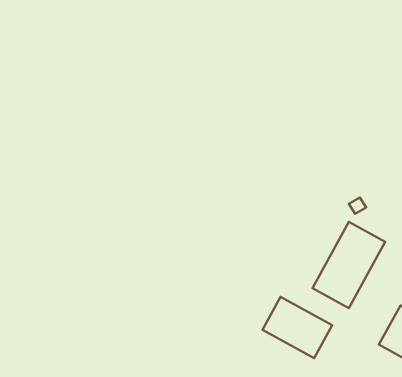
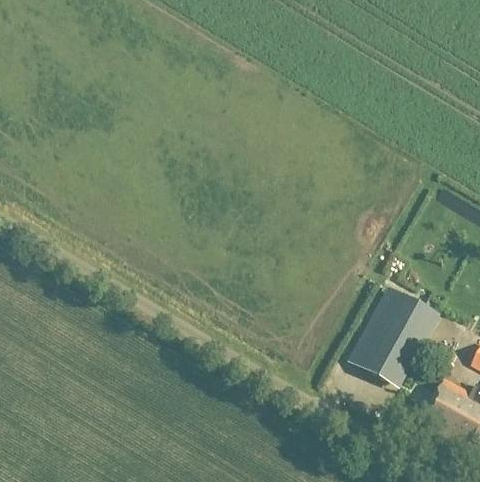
building: [263,297,332,358] -> none

